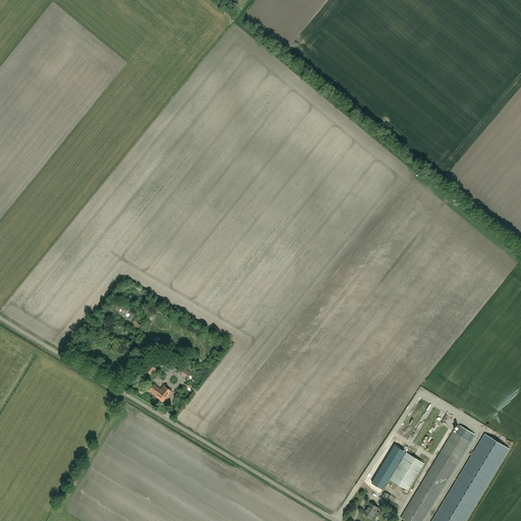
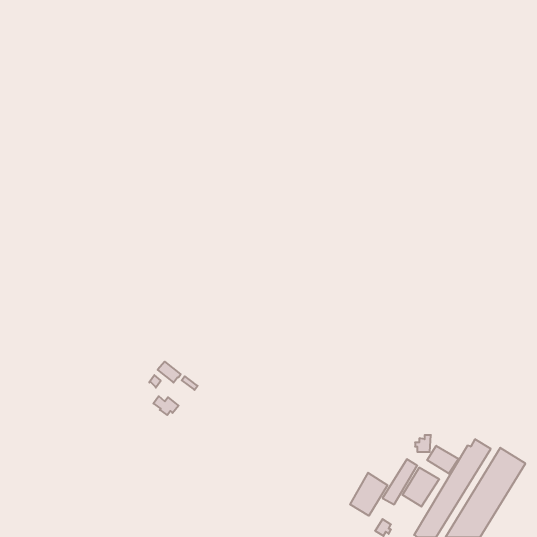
building: none -> [427,446,459,474]
building: none -> [350,473,387,516]

